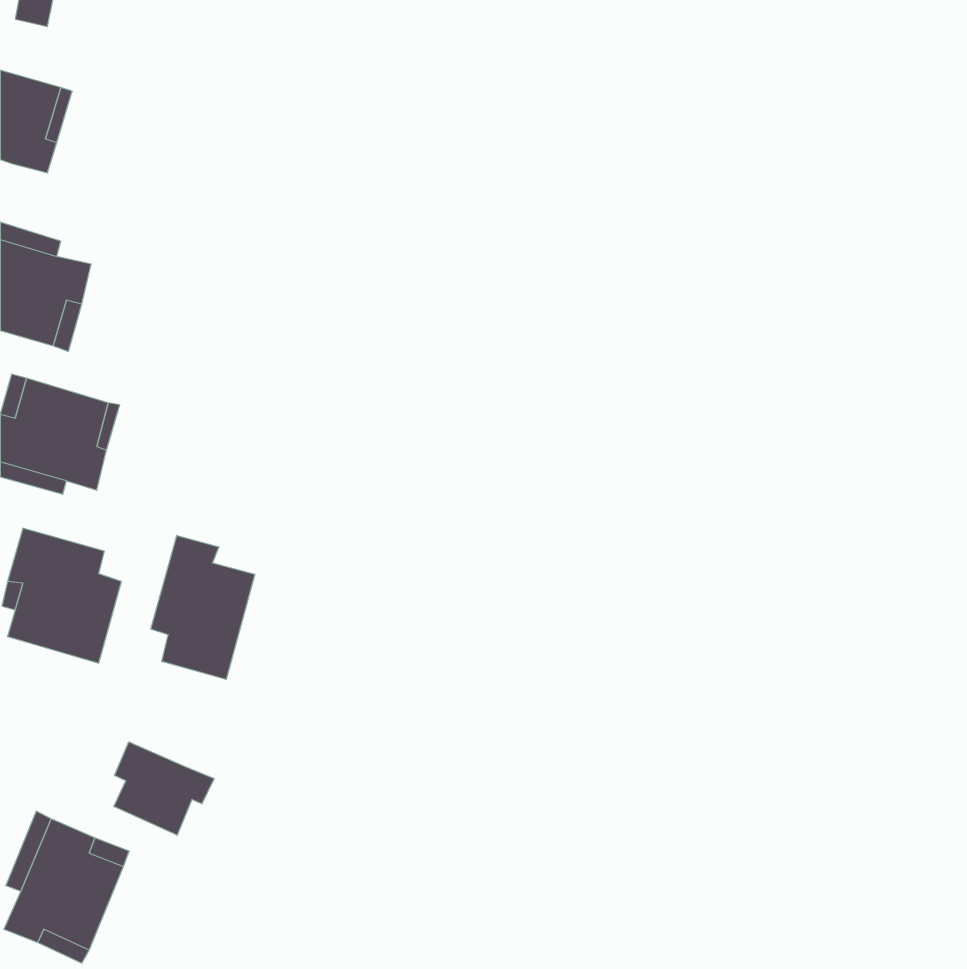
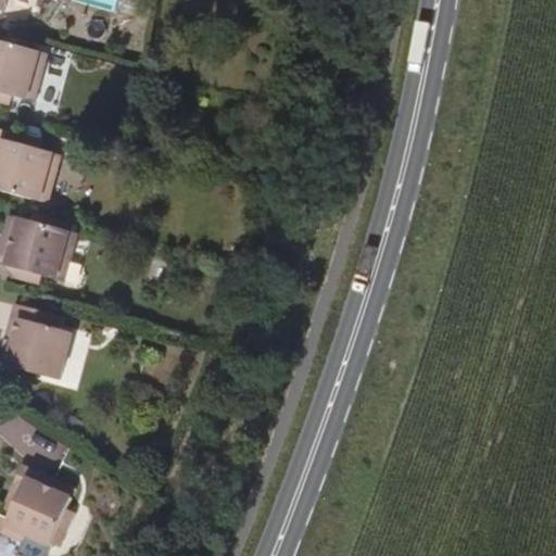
building: [151,535,255,680] -> none
building: [114,742,214,835] -> none

